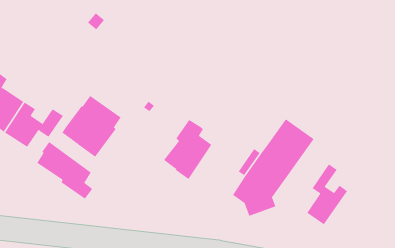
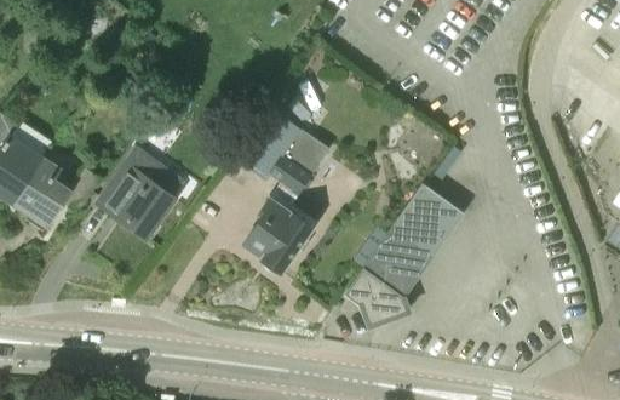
building: none -> [231,119,331,194]
building: [36,141,93,200] -> none
building: [306,164,348,225] -> none

